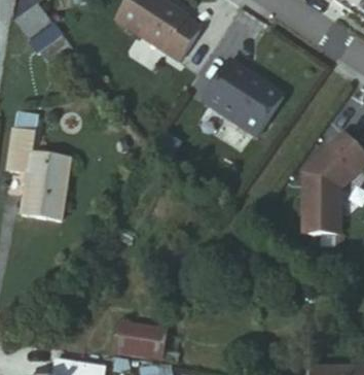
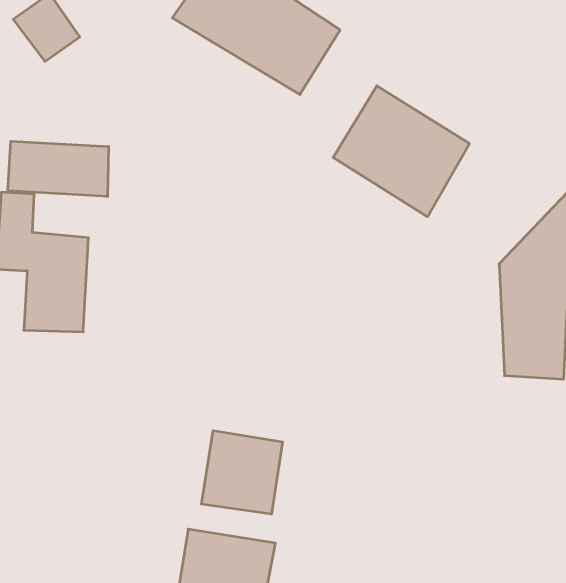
building: none -> [8,141,109,197]
building: none -> [201,431,283,514]

